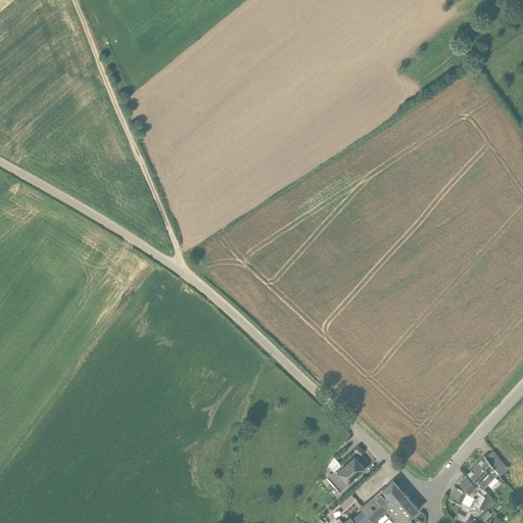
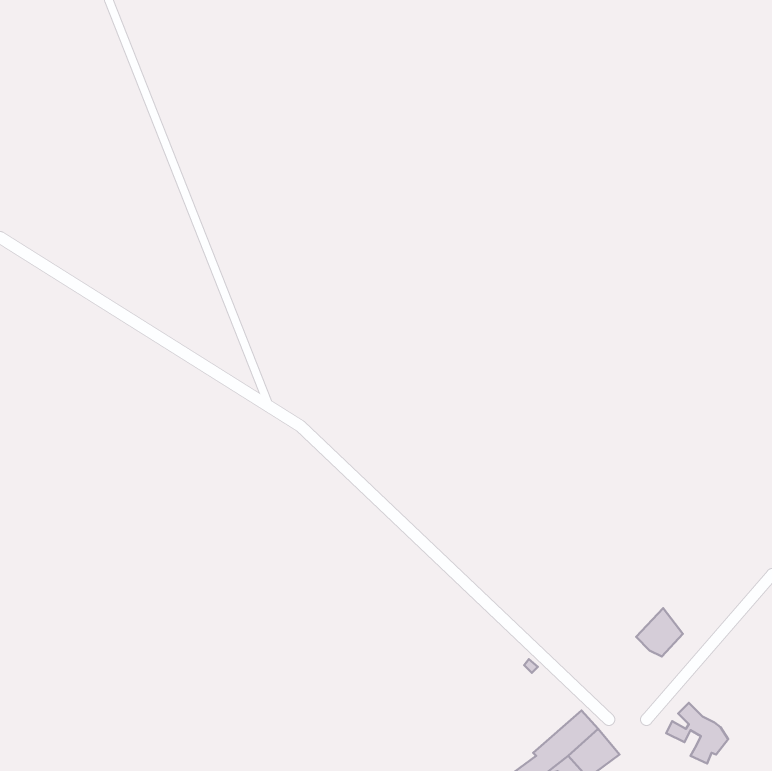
building: [466,457,497,489] -> [636,608,683,656]
building: [328,458,366,491] -> none

